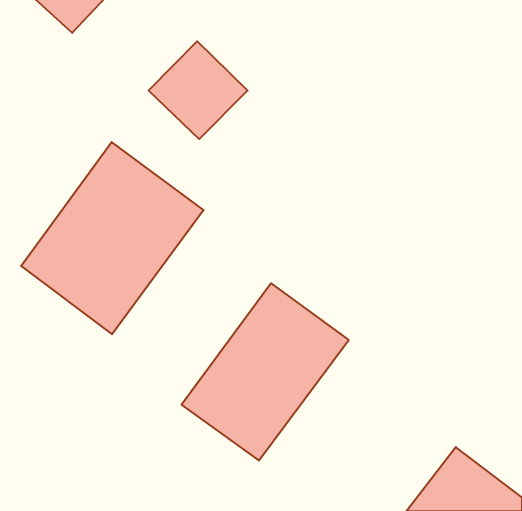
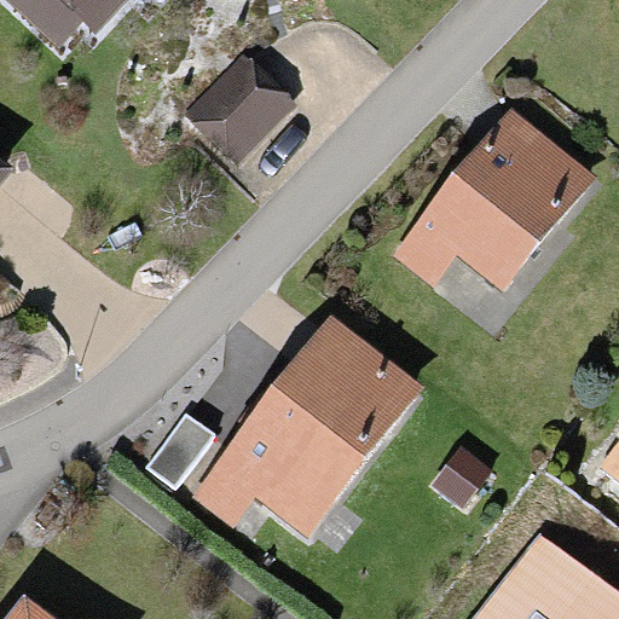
building: none -> [415,115,591,297]
building: [21,142,204,334] -> none

